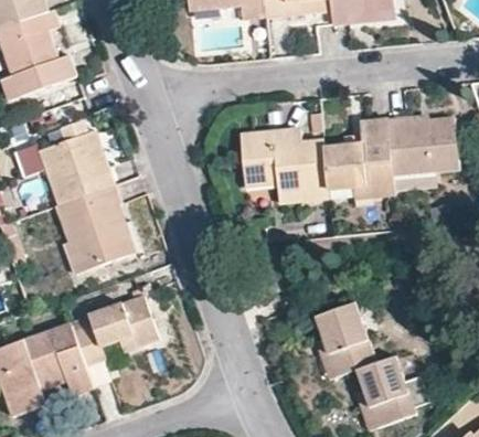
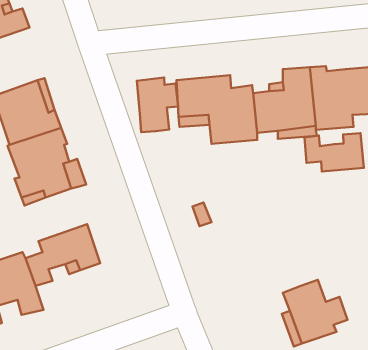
building: none -> [137,78,178,132]
building: none -> [304,133,364,172]
building: [316,303,377,375] -> none

